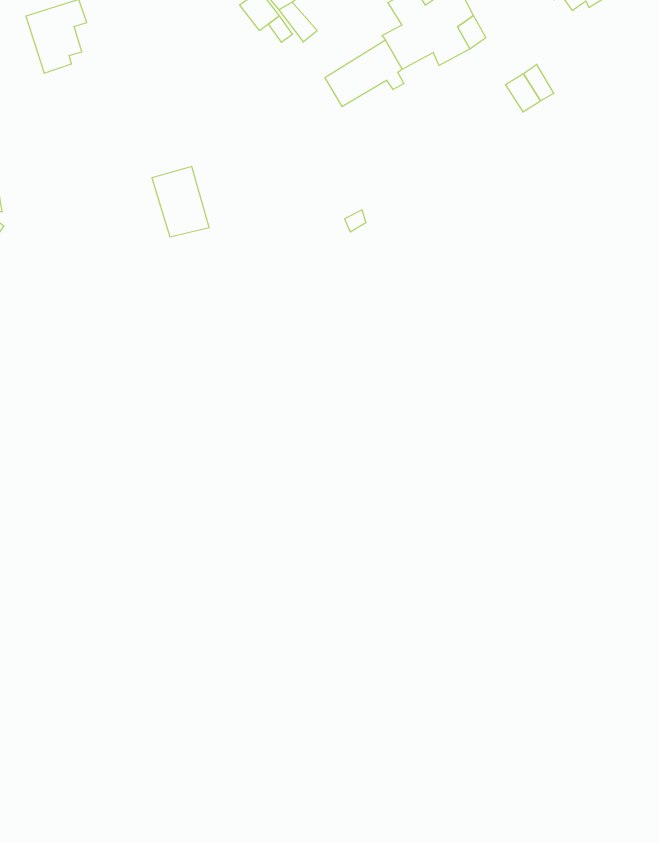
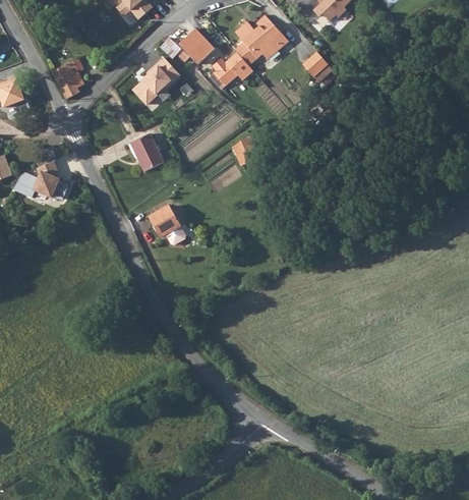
building: none -> [133,56,180,103]
building: none -> [150,204,185,244]

